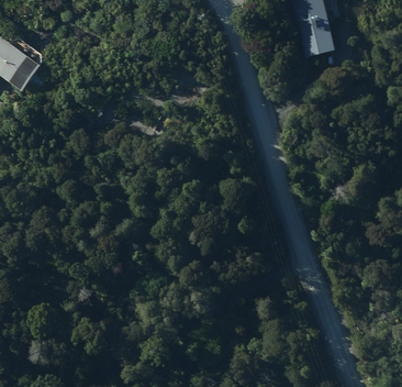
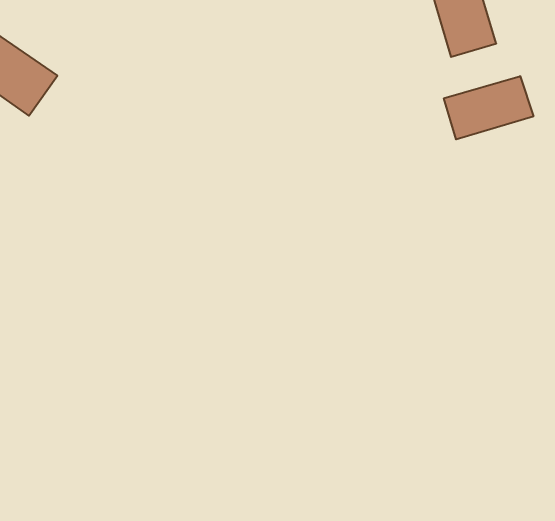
building: none -> [444,76,533,139]

